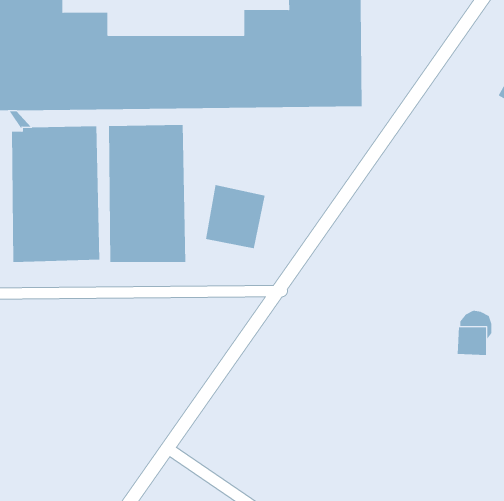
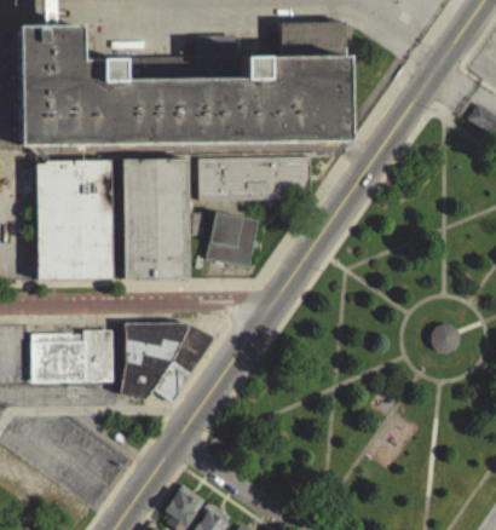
building: none -> [196,156,312,198]
building: none -> [120,321,214,402]
building: none -> [30,329,114,381]

